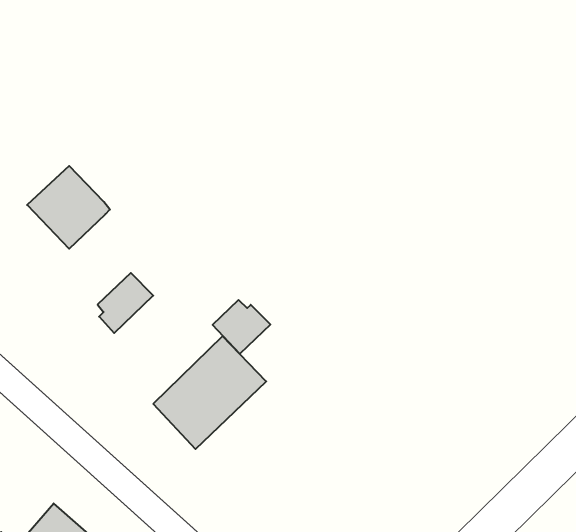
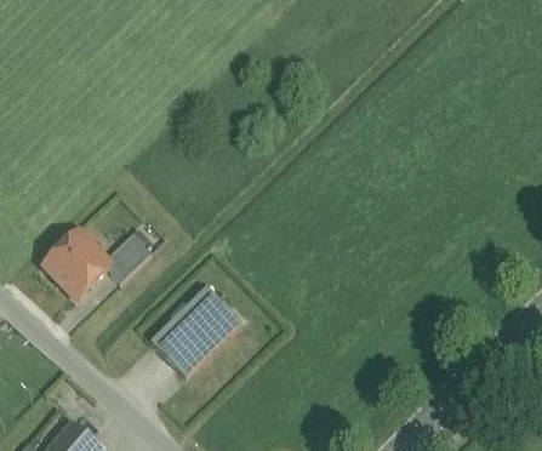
building: [27,166,110,249] -> [45,232,112,298]
building: [213,300,270,354] -> none

